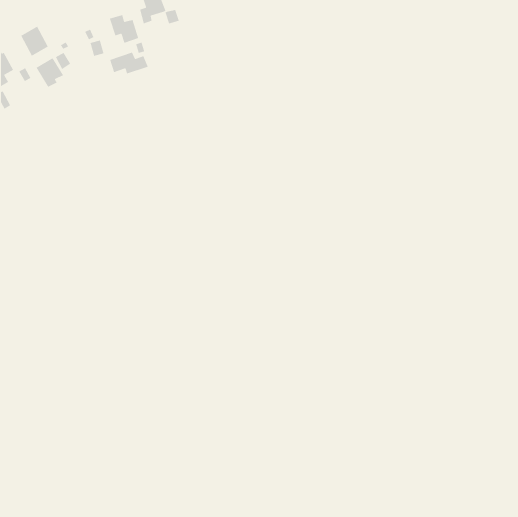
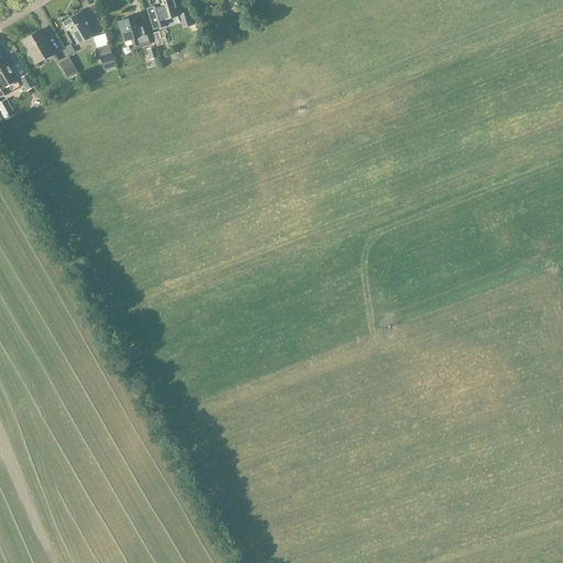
building: [109,52,149,75] -> none
building: [36,57,64,88] -> [63,10,93,43]

